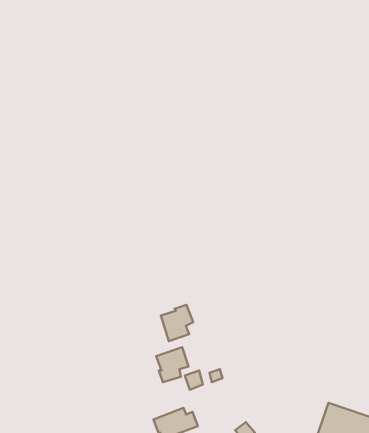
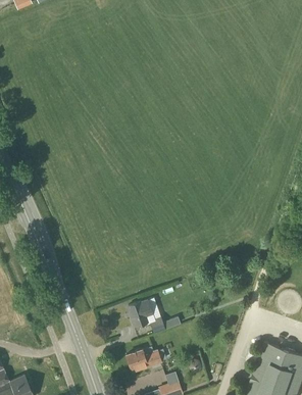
building: [161,305,193,341] -> none

